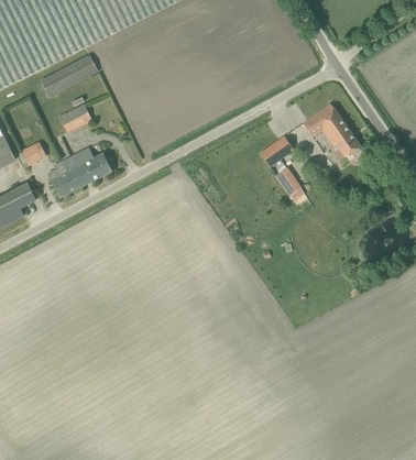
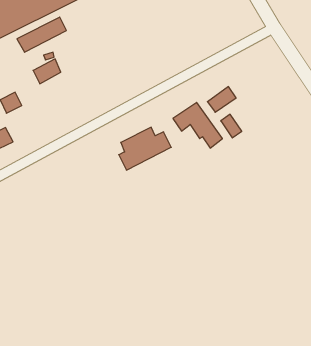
building: [302,102,359,155] -> [173,102,222,148]
building: [51,146,111,196] -> [119,127,171,170]

